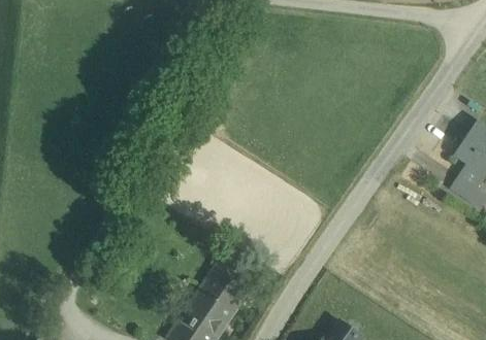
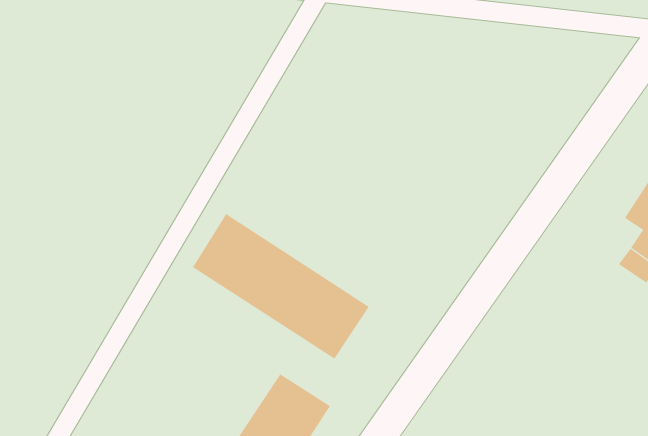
building: none -> [192,213,369,359]

